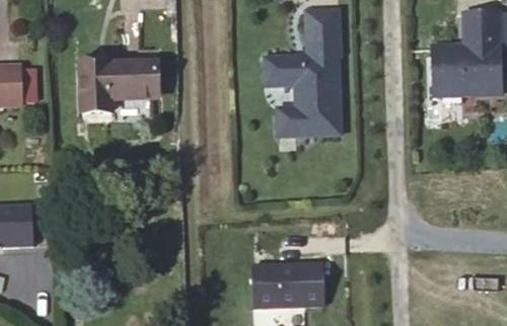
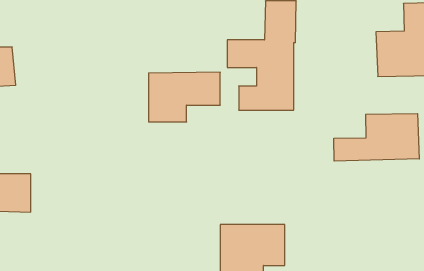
building: [79,61,161,117] -> [149,72,220,122]
building: none -> [334,114,419,161]

